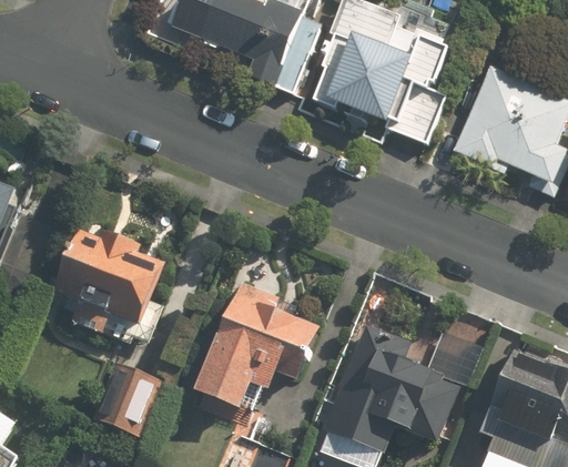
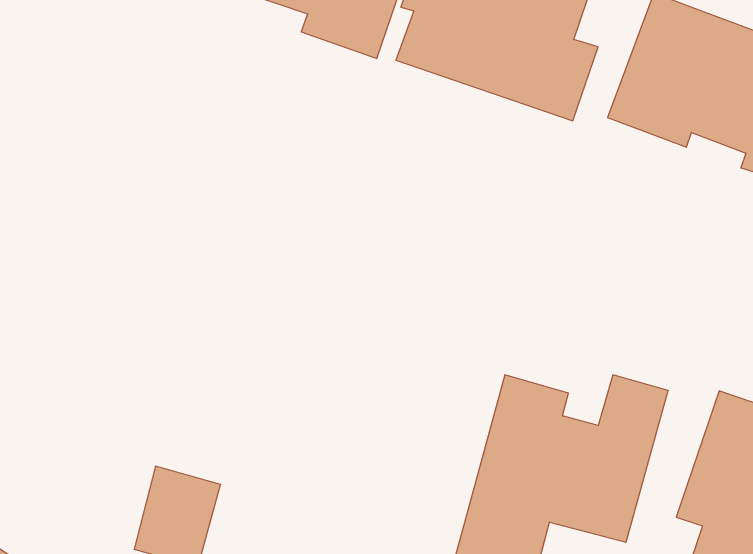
building: [58,224,166,334] -> none
building: [193,282,322,410] -> none

